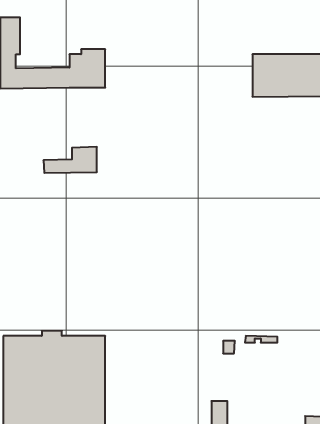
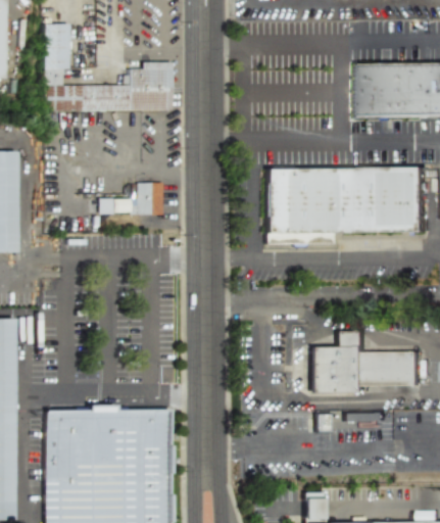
building: none -> [265,167,424,240]
building: none -> [306,332,422,398]

